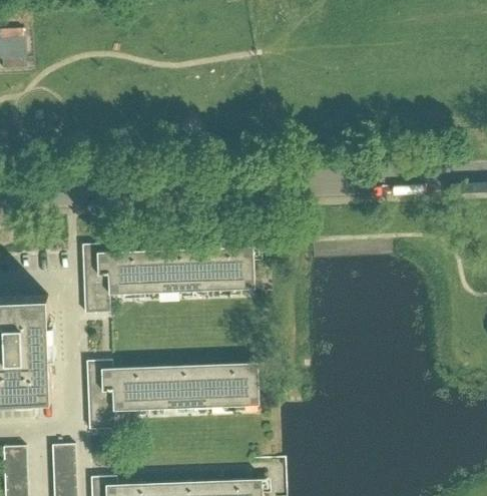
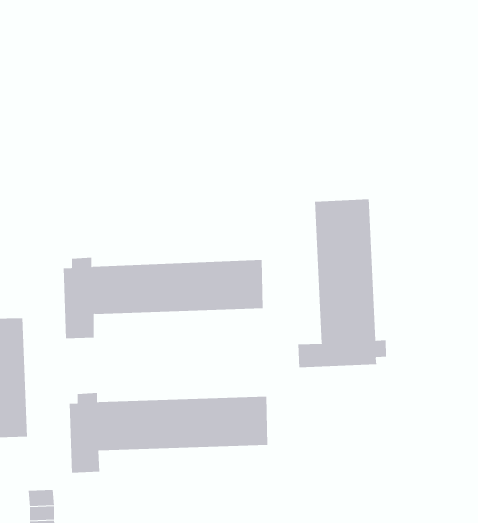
building: none -> [298,198,387,368]

